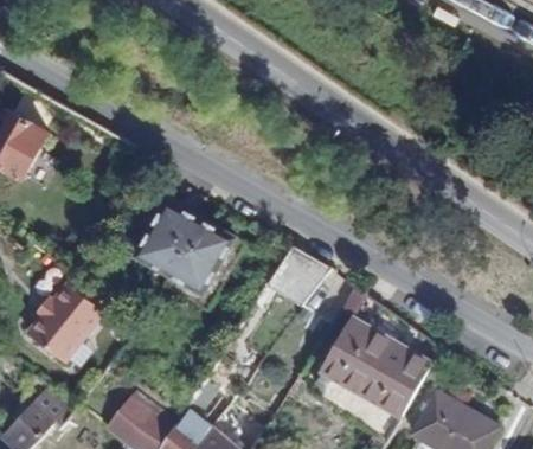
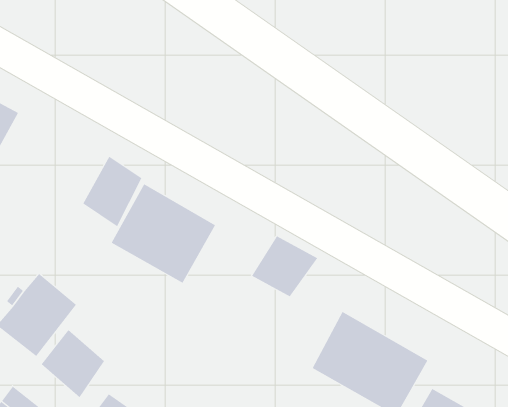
building: none -> [82,156,142,227]
building: none -> [41,329,105,398]

